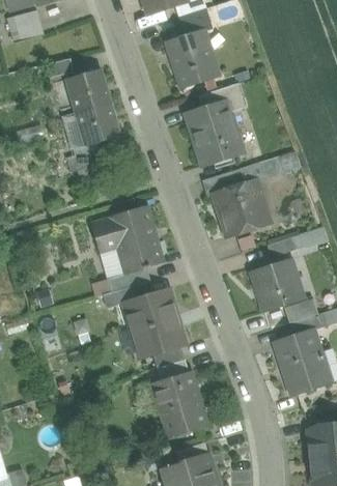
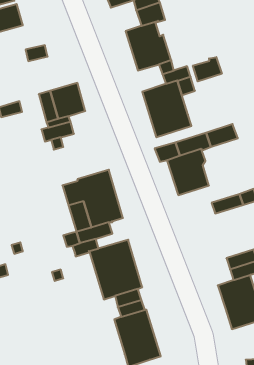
building: [66,68,109,112] -> none
building: none -> [193,57,222,81]
building: [251,259,304,311] -> none

